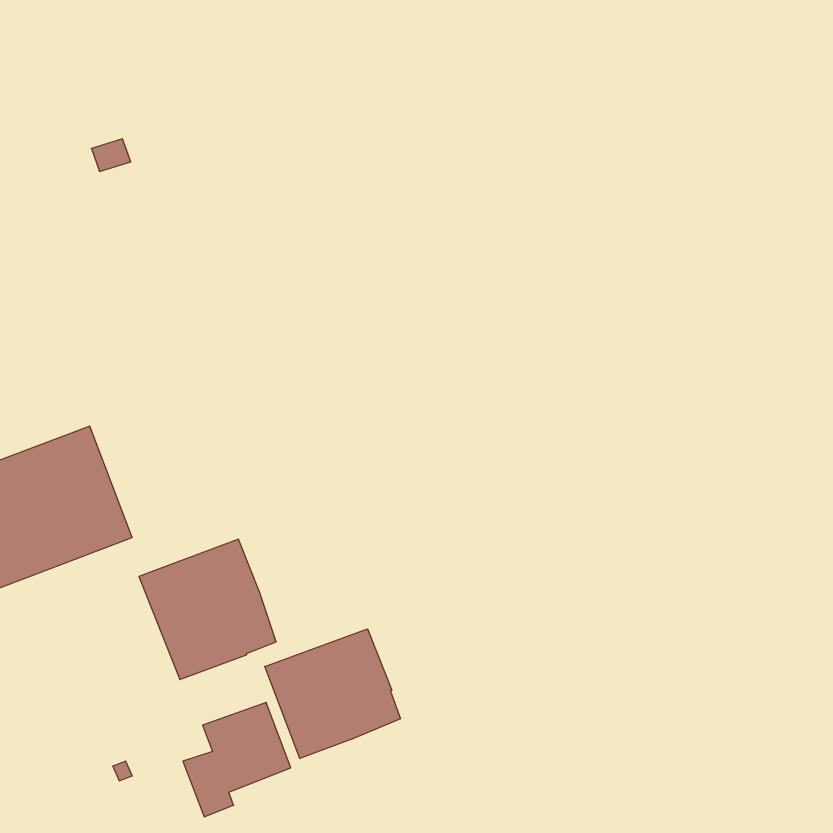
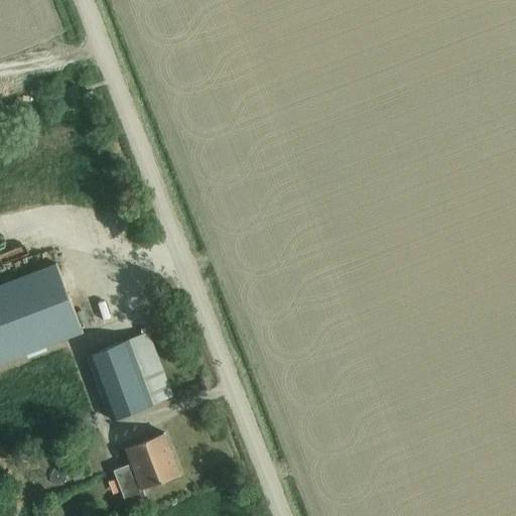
building: [265,629,401,758] -> none

